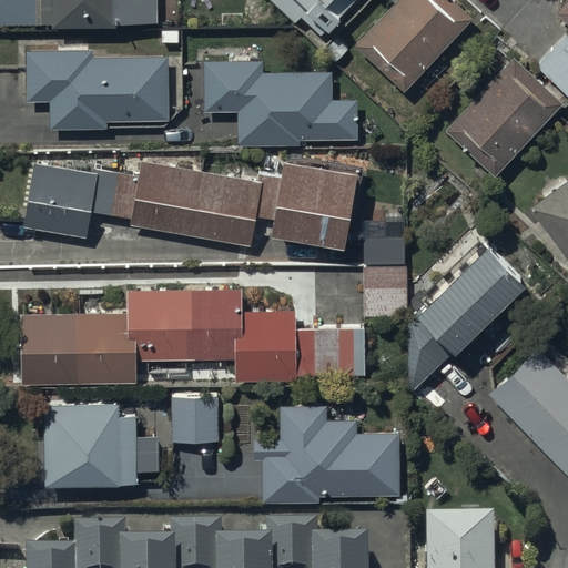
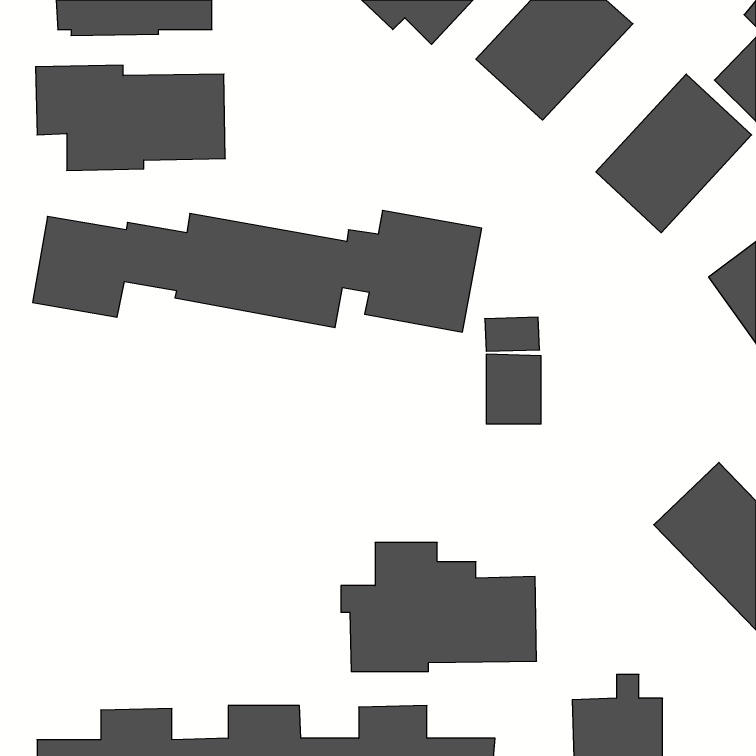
building: [204,61,357,146] -> none
building: [409,248,525,388] -> none
building: [21,286,364,386] -> none
building: [172,396,219,442] -> none
building: [44,404,140,486] -> none

